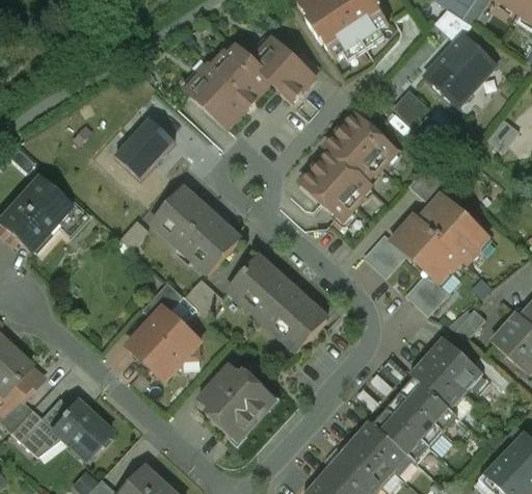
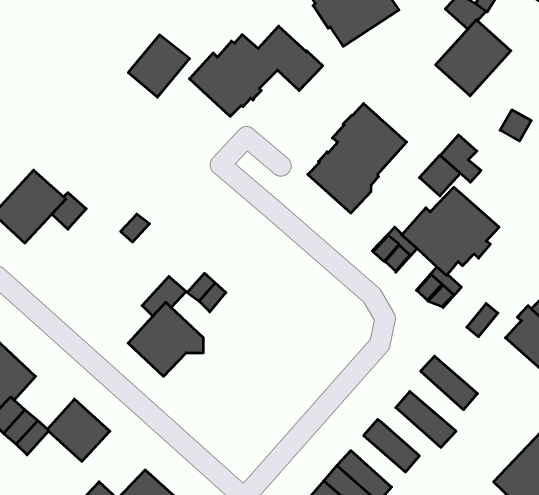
building: [392,86,431,132] -> [440,135,481,182]
building: [121,119,180,179] -> [128,35,190,97]
building: [152,187,238,271] -> none
building: [228,255,324,349] -> none
building: [423,336,483,394] -> none
building: [196,366,266,437] -> none
building: [399,376,457,431] -> none
building: [372,408,429,462] -> none
building: [342,435,395,485] -> none

